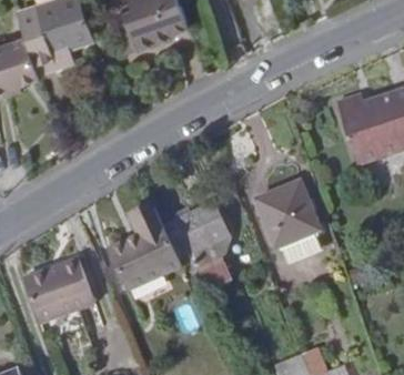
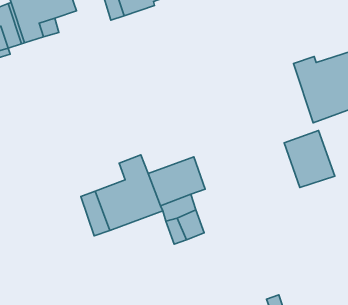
building: [261,185,315,246] -> [284,130,335,187]
building: [30,252,99,316] -> none

